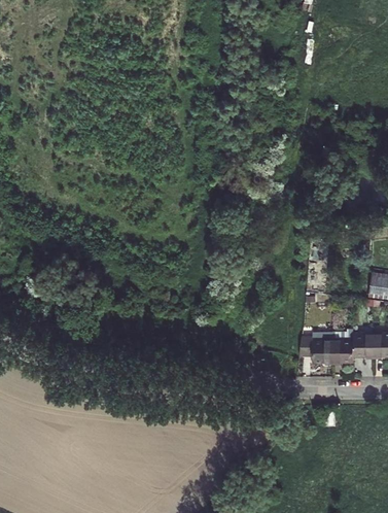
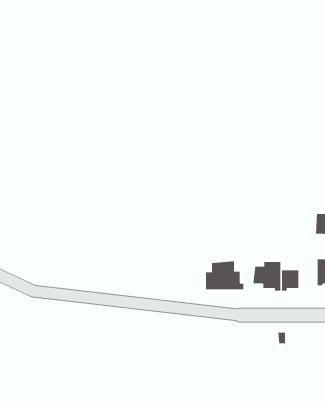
building: none -> [206,261,244,290]
building: [353,334,374,358] -> none

